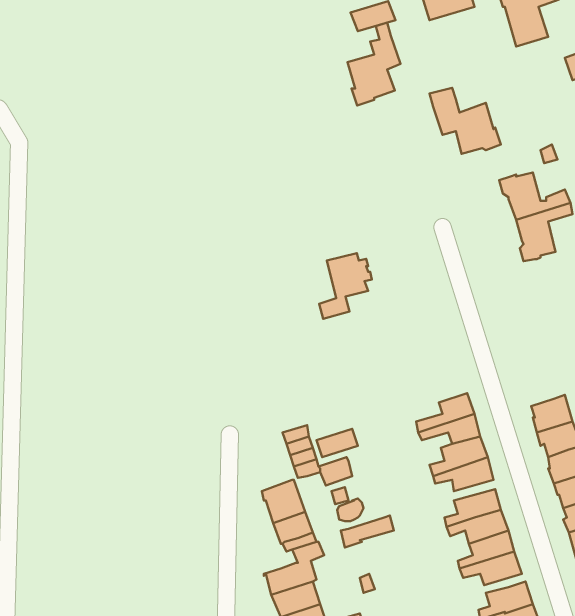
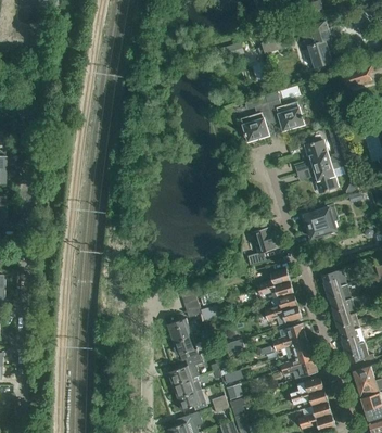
building: [348,23,400,105] -> [241,95,271,143]
building: [319,253,372,319] -> [247,227,278,265]
building: none -> [303,204,339,239]

